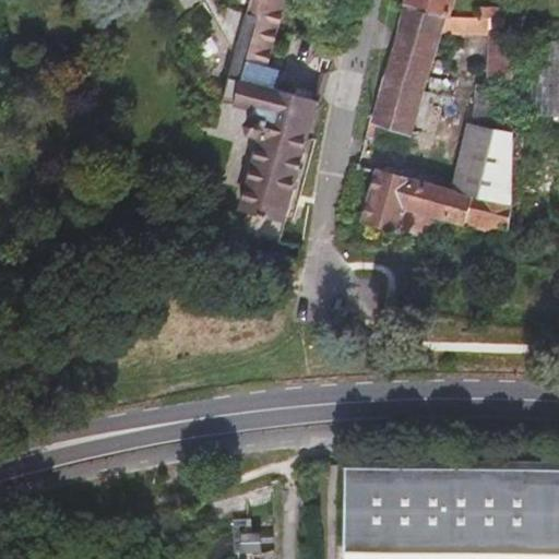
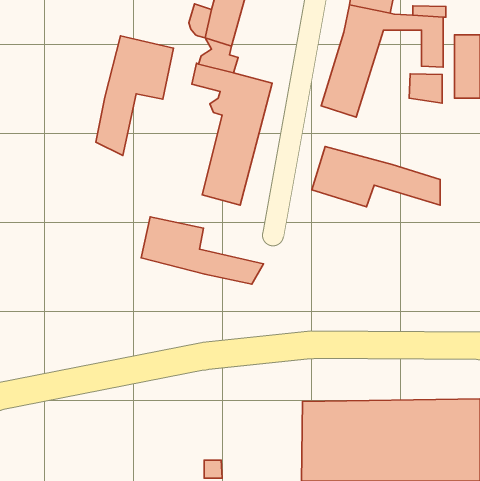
building: none -> [96,36,173,155]
building: [453,126,510,207] -> none
building: none -> [141,217,264,284]

